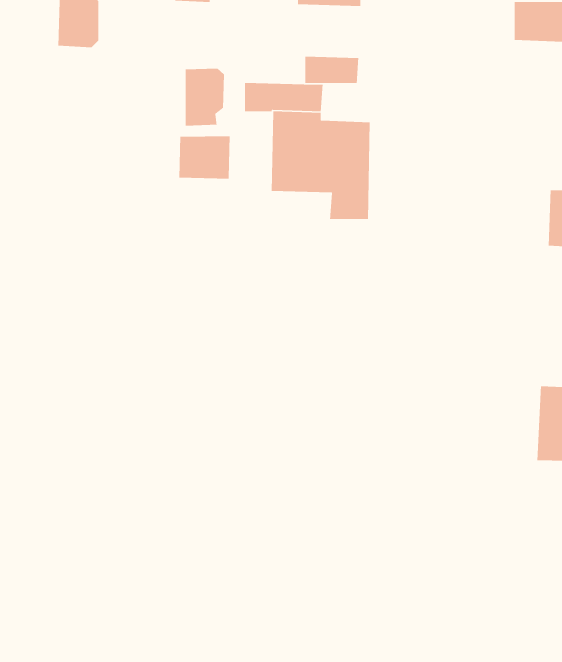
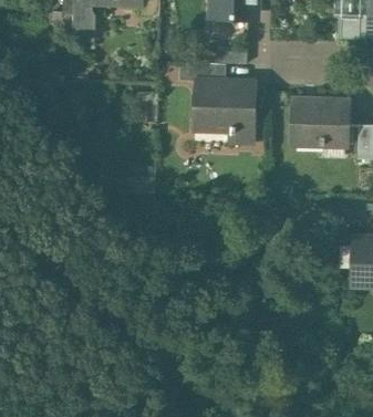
building: [185,68,225,126] -> none
building: [179,135,231,180] -> none
building: none -> [290,97,346,144]

